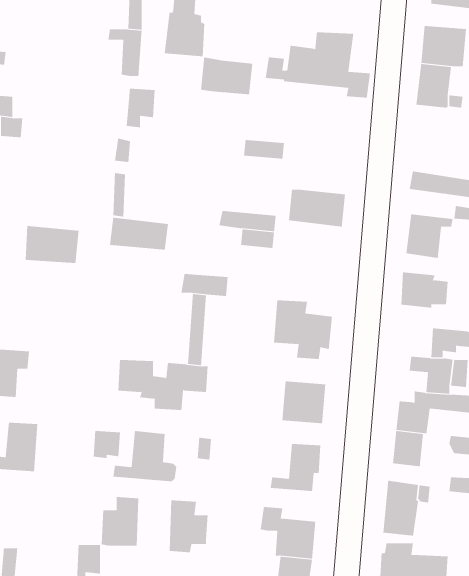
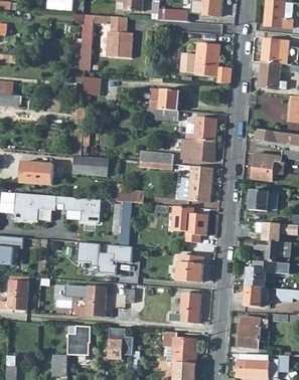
building: [200,57,253,95] -> [147,87,179,111]
building: none -> [185,118,216,142]
building: none -> [179,171,211,202]
building: none -> [9,192,99,222]

